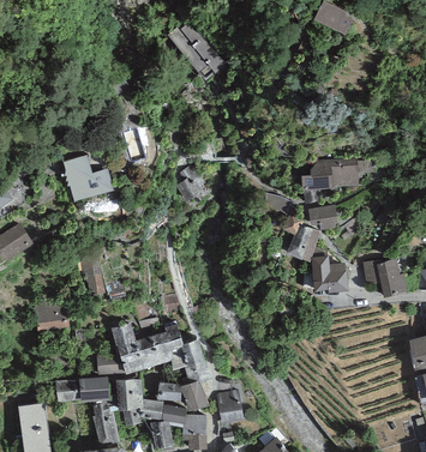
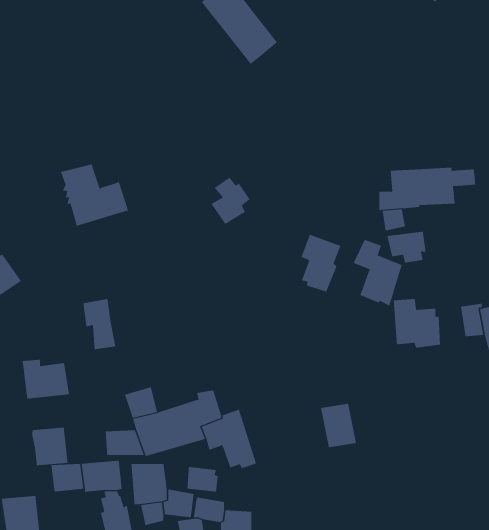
building: none -> [301,234,341,293]
building: none -> [32,427,68,466]
building: [180,380,209,411] -> none
building: [216,388,244,422] -> [320,403,357,448]

